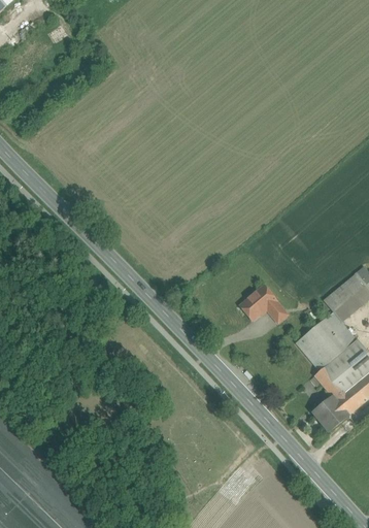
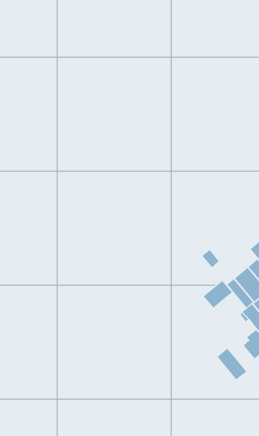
building: [240,285,276,319] -> [203,280,233,309]
building: none -> [217,348,247,380]

